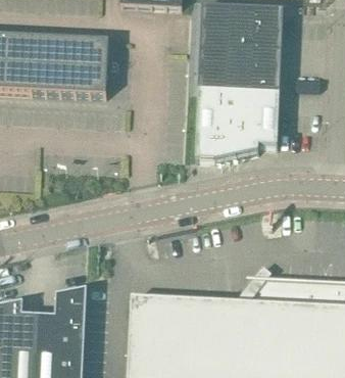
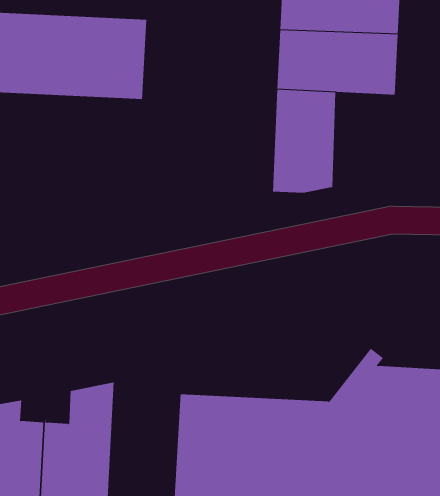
building: [237,89,280,154] -> none

